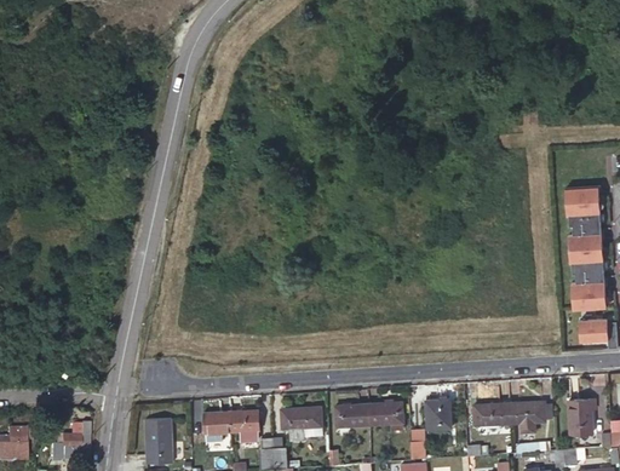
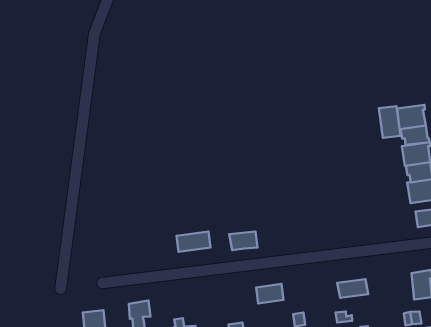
building: none -> [379,106,401,138]
building: [425,400,450,429] -> none
building: [509,401,545,423] -> none
building: [334,404,369,426] -> [229,232,257,250]
building: [280,407,322,430] -> [176,232,210,252]
building: [229,410,260,441] -> none

